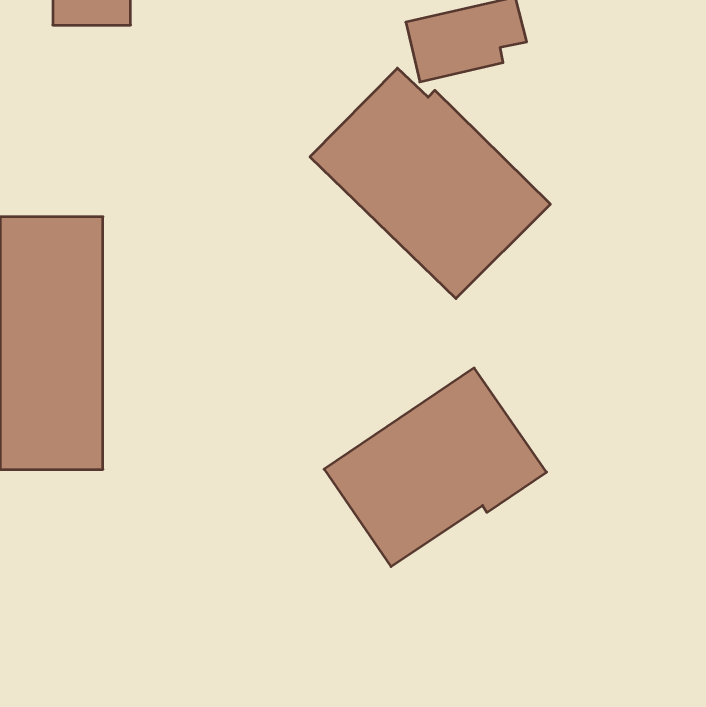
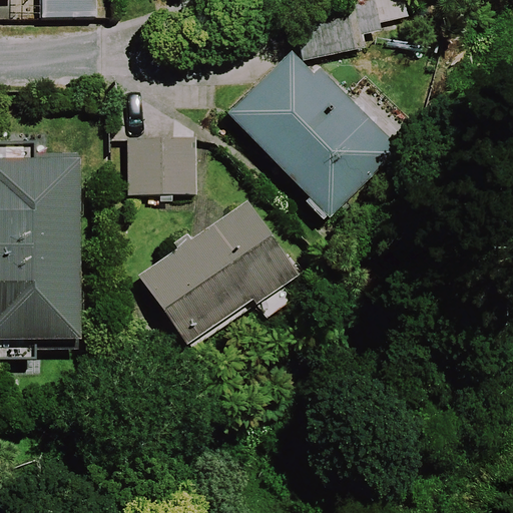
building: none -> [128,134,196,194]
building: [324,368,547,567] -> [138,200,299,344]

